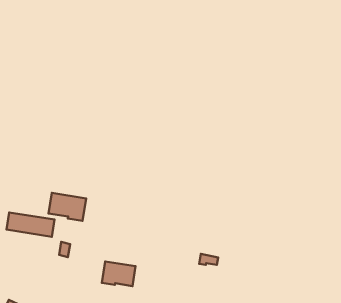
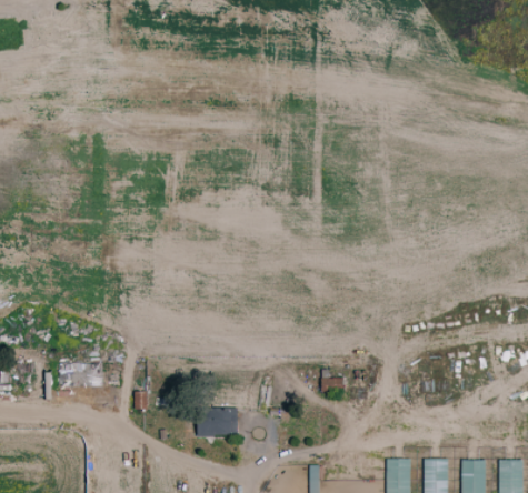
building: [49,193,86,221] -> none

